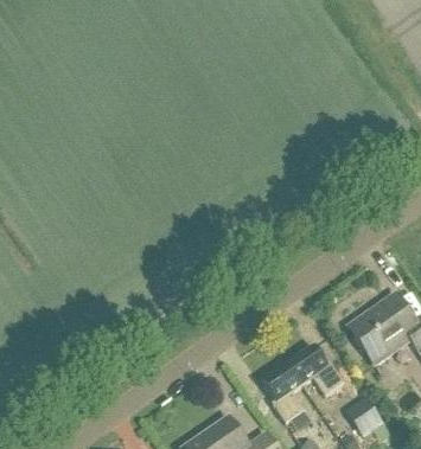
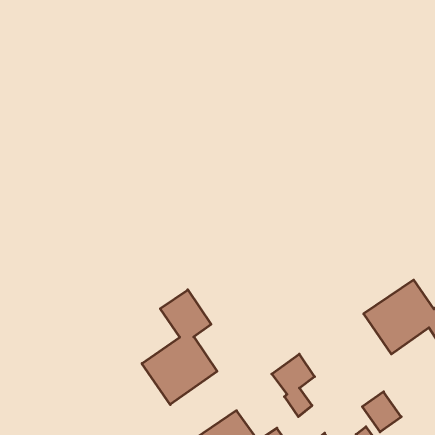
building: none -> [142,290,217,405]
building: [288,344,344,390] -> none

